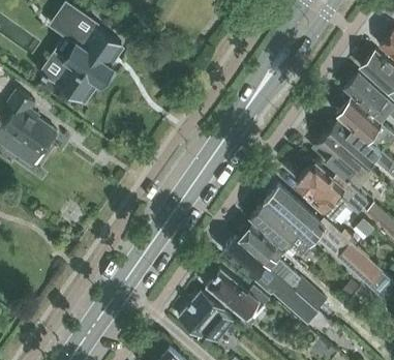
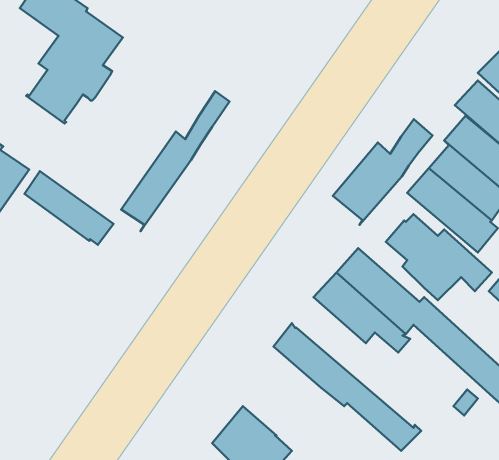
building: none -> [121,91,229,231]
building: none -> [333,119,433,225]
building: none -> [24,171,114,245]
building: [237,223,328,308] -> none
building: [204,268,269,319] -> none

